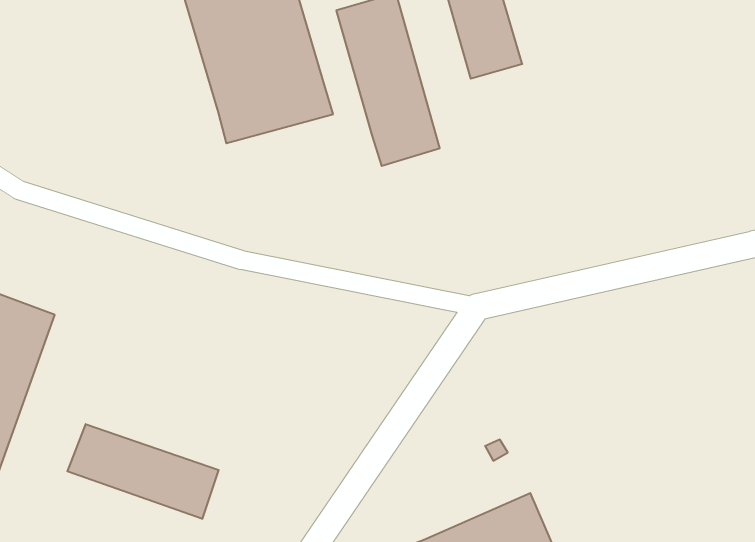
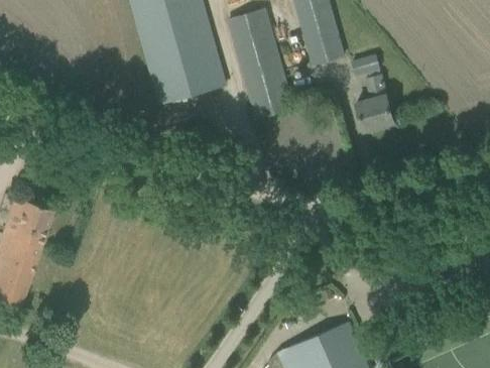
building: none -> [353,54,393,130]
building: [67,424,219,519] -> none

